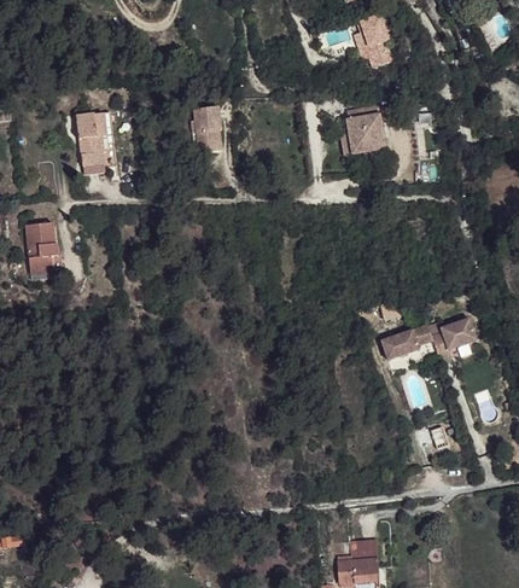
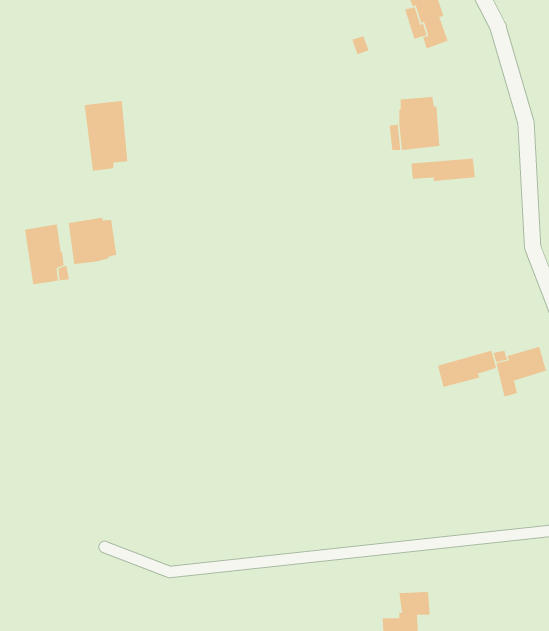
building: [191,103,220,150] -> none
building: none -> [411,158,475,182]
building: none -> [68,217,117,265]

